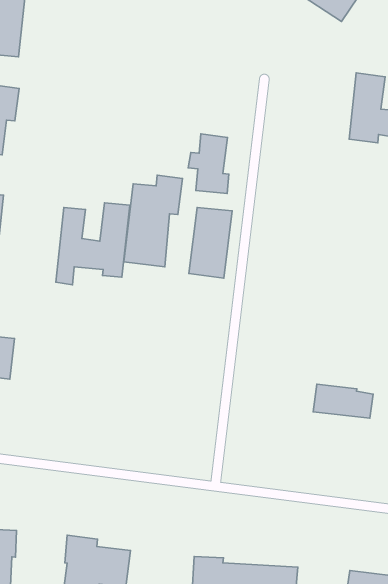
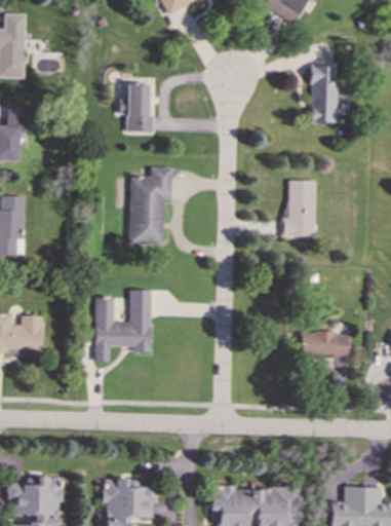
building: [188,134,229,193] -> [119,83,154,132]
building: [56,203,130,285] -> [95,290,152,362]
building: [189,208,232,278] -> [284,180,316,237]

